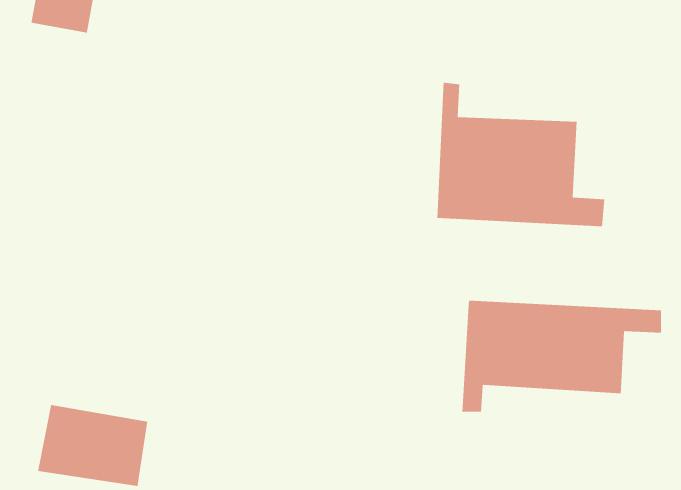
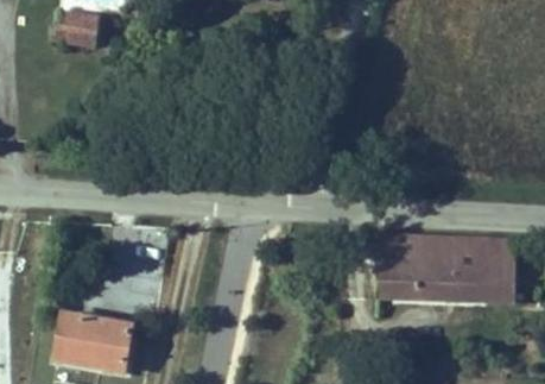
building: [436,82,605,227] -> none
building: none -> [468,257,496,302]

